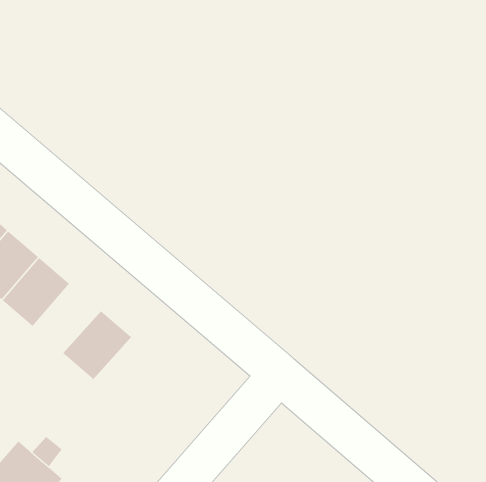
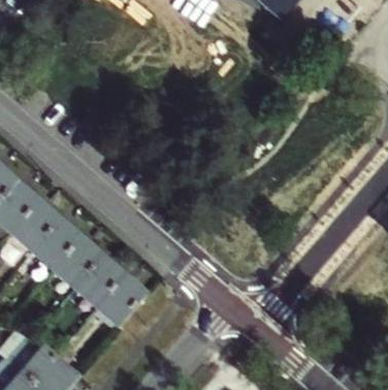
building: none -> [57,236,104,284]
building: none -> [99,273,148,322]

